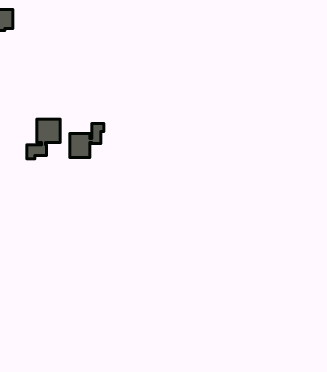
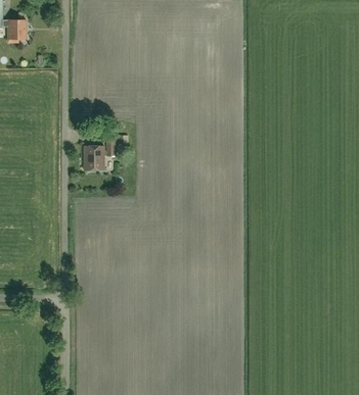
building: [27,119,60,159] -> none

